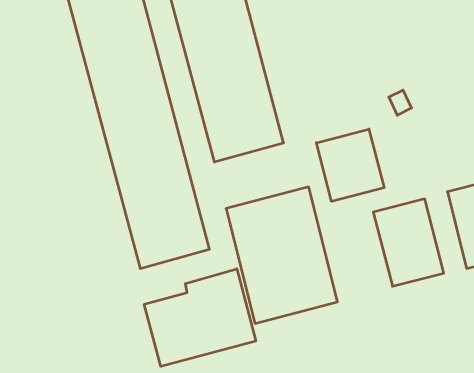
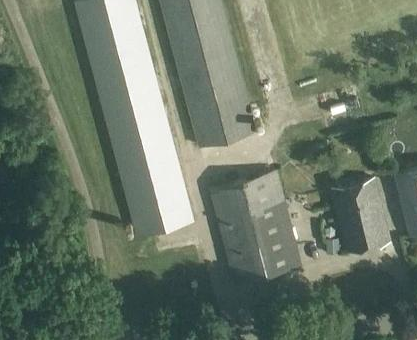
building: [316,129,384,201] -> none
building: [144,269,256,366] -> none

